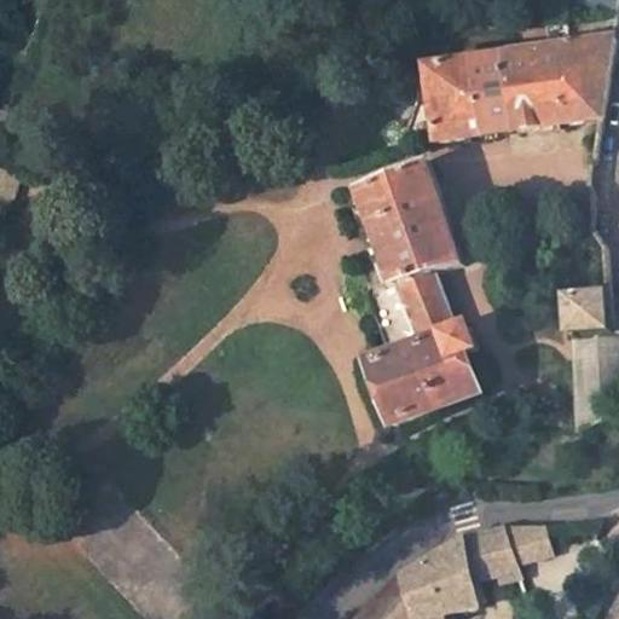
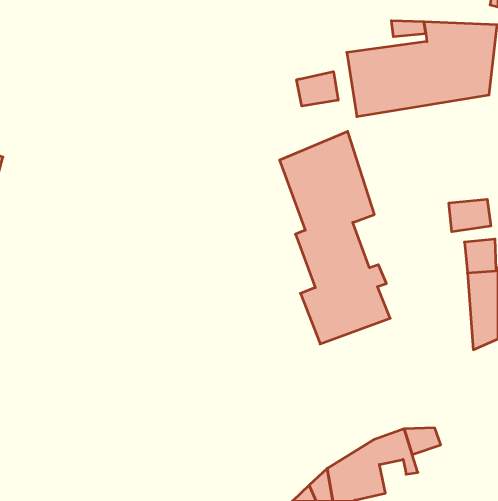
building: none -> [297,72,338,106]
building: none -> [449,199,491,232]

